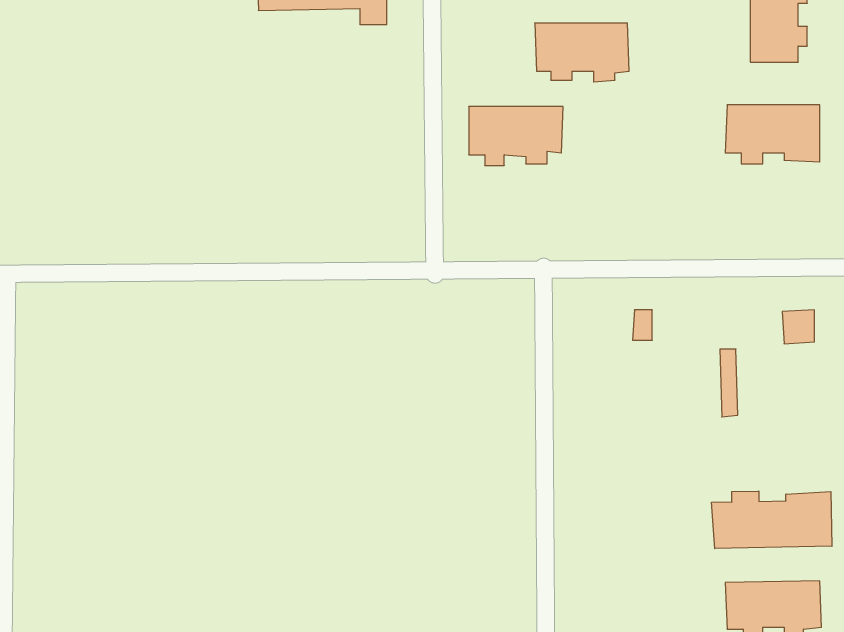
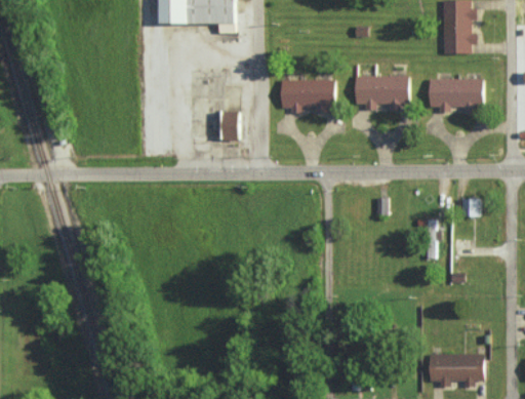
building: [535,23,629,82] -> [355,75,409,109]
building: none -> [221,111,238,141]
building: [712,491,832,549] -> none

